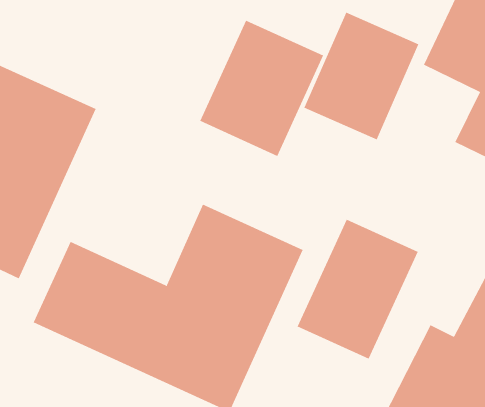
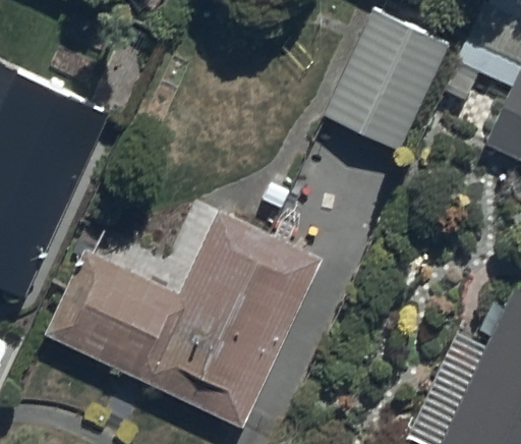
building: [199,20,324,157] -> none
building: [297,219,418,360] -> none

